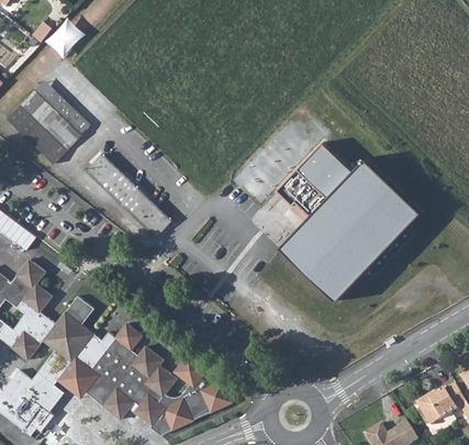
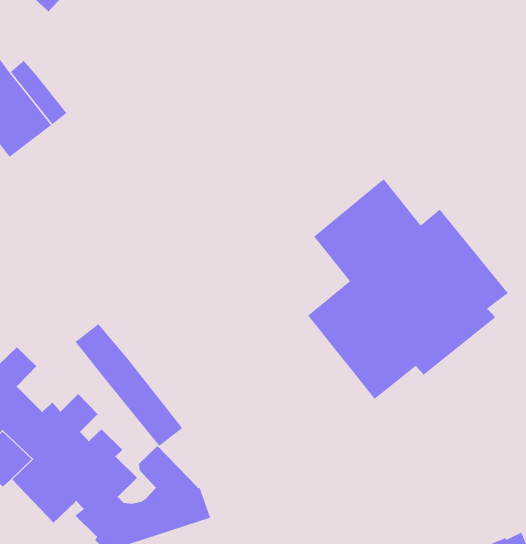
building: [86,155,171,237] -> [75,323,183,447]

